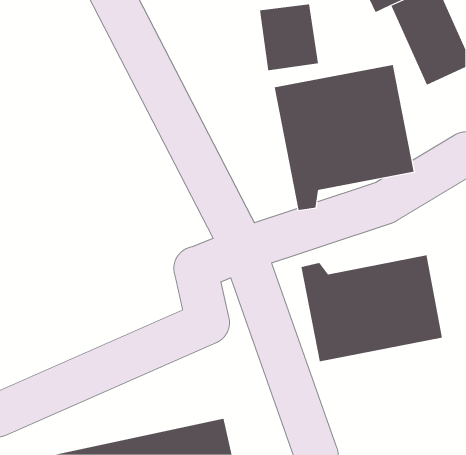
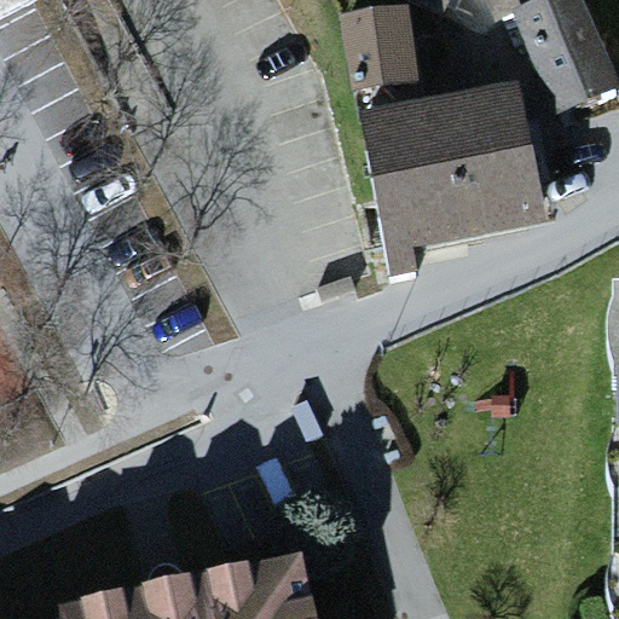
building: [301,254,443,362] -> none

